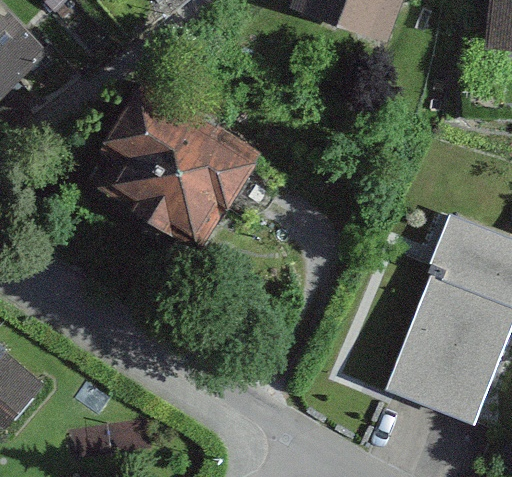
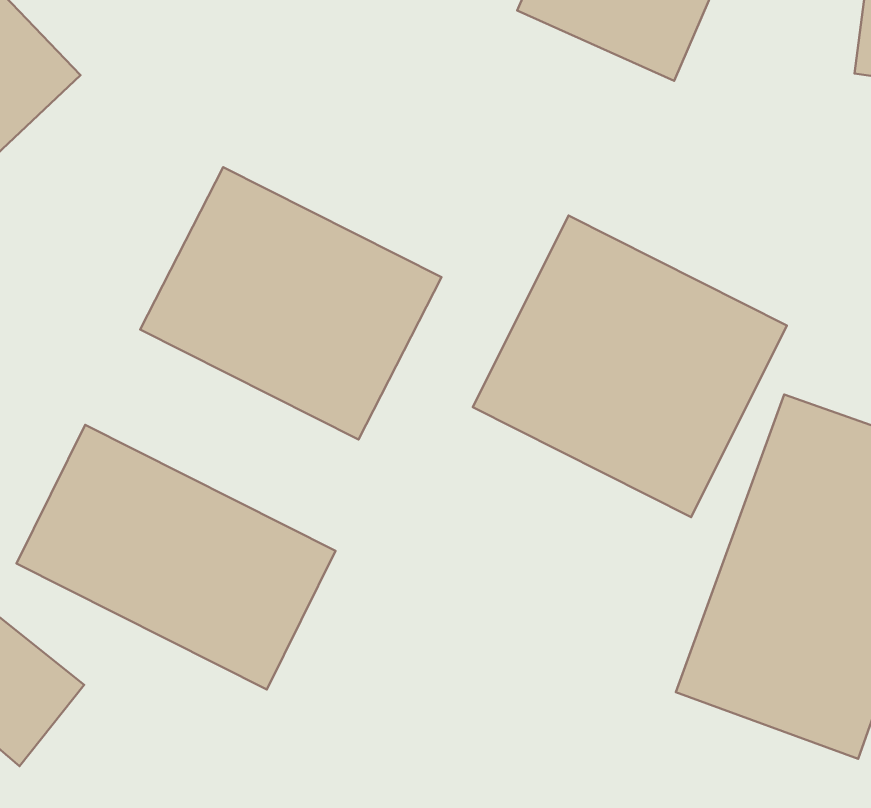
building: none -> [473,215,787,517]
building: none -> [17,425,336,690]

